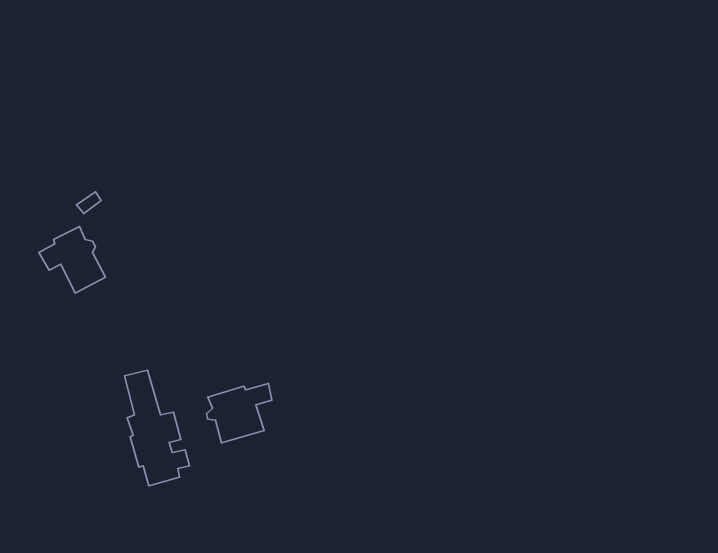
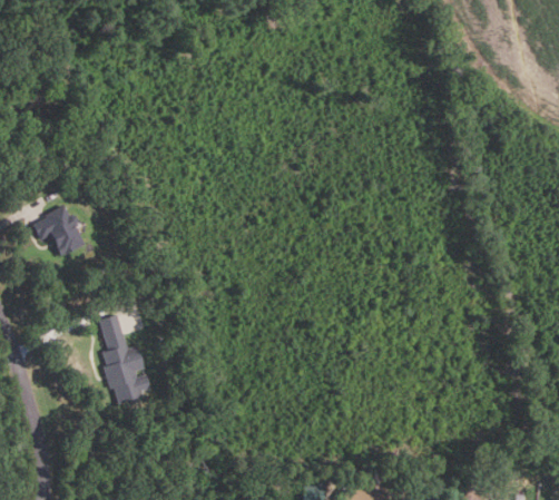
building: [206,384,272,443] -> none

